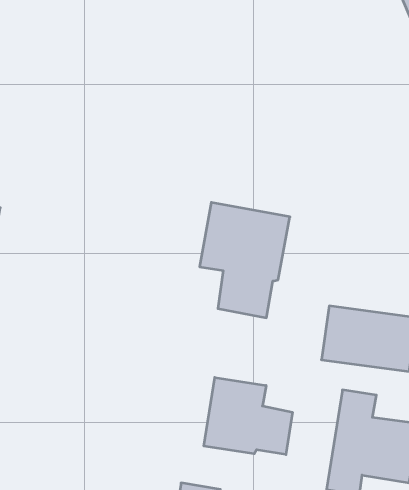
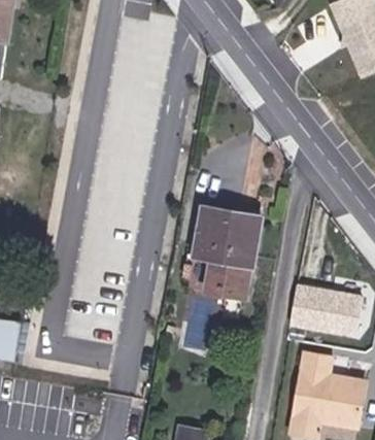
building: [204,377,292,455] -> none

